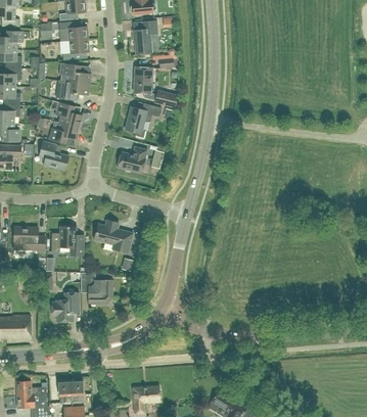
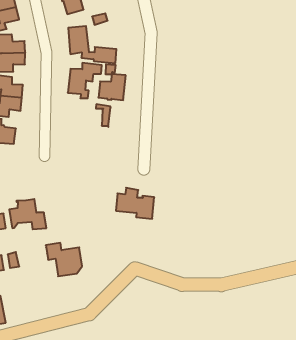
building: [118,146,147,173] -> [98,74,126,100]
building: [94,219,133,252] -> [116,188,154,219]
building: [52,291,79,321] -> none

